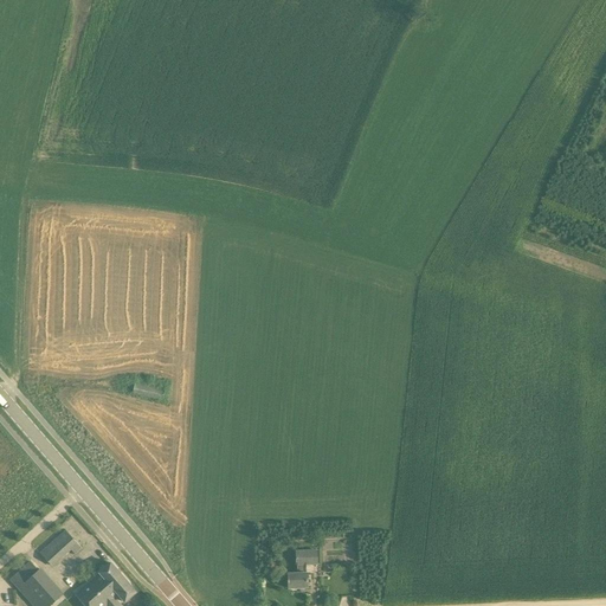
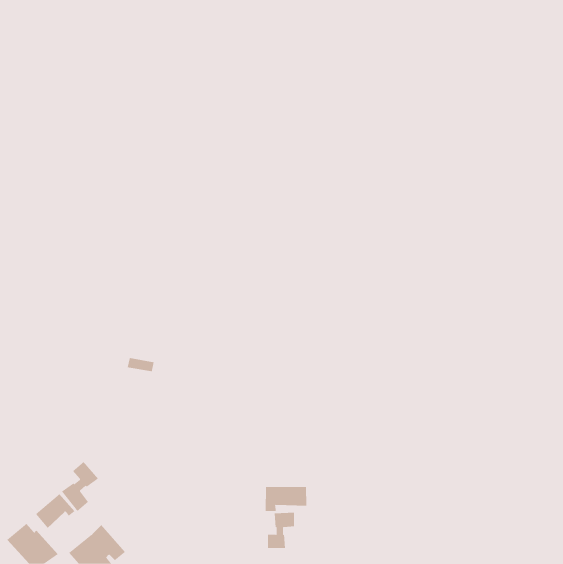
building: none -> [61,461,99,512]
building: none -> [265,486,307,512]

